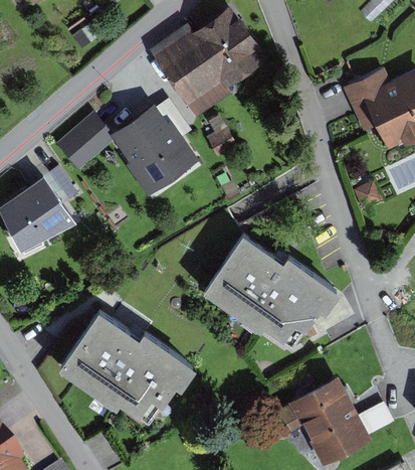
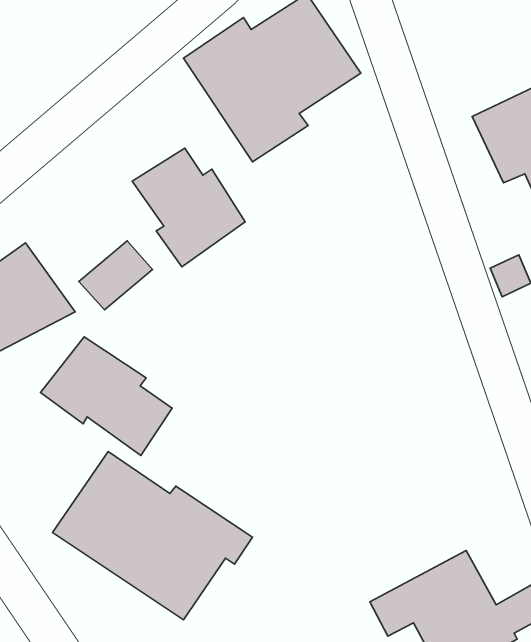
building: [62,117,112,163] -> [79,241,153,310]
building: none -> [40,337,172,455]
building: [208,239,340,350] -> none

